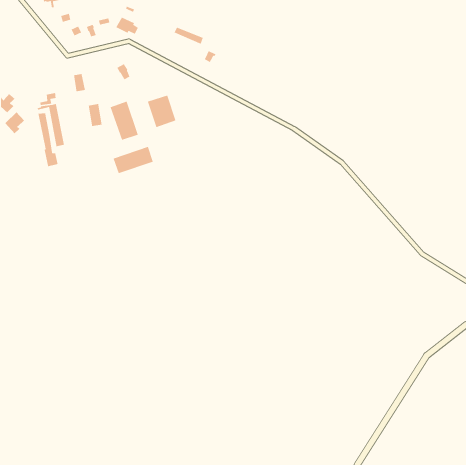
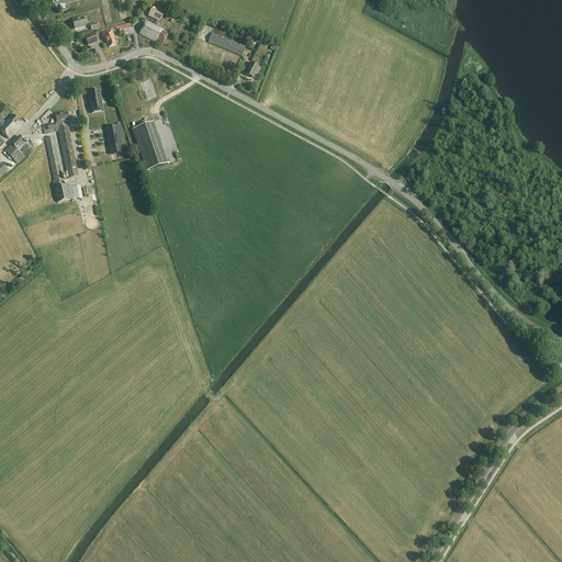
building: [147,94,176,128] -> none
building: [112,146,154,174] -> none

